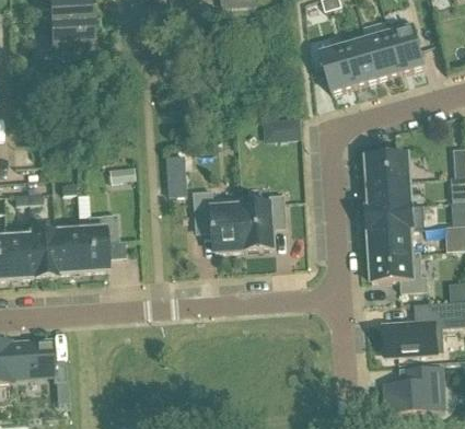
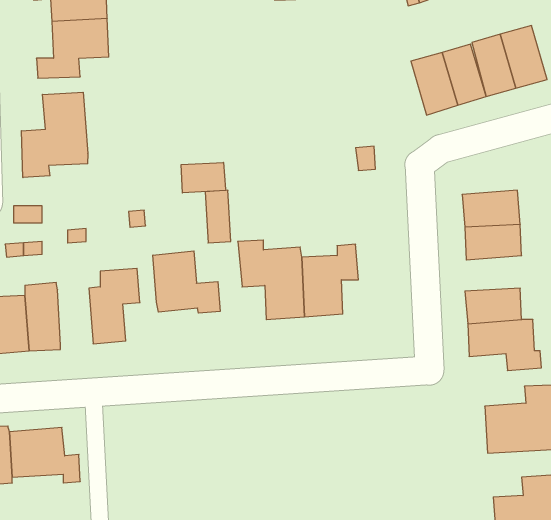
building: none -> [21,92,88,178]
building: none -> [181,162,226,193]
building: none -> [153,251,220,313]
building: [365,202,411,230] -> none
building: [53,228,80,271] -> none

